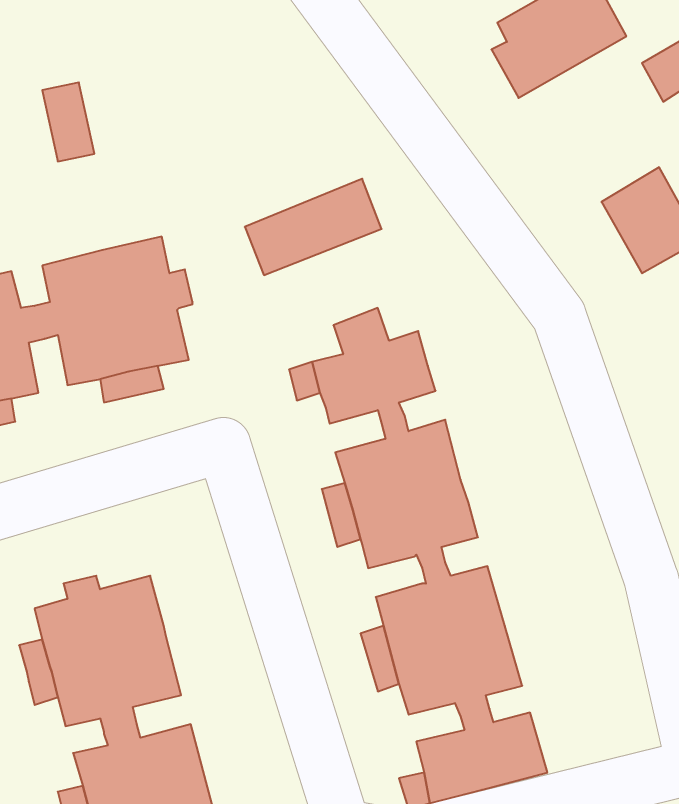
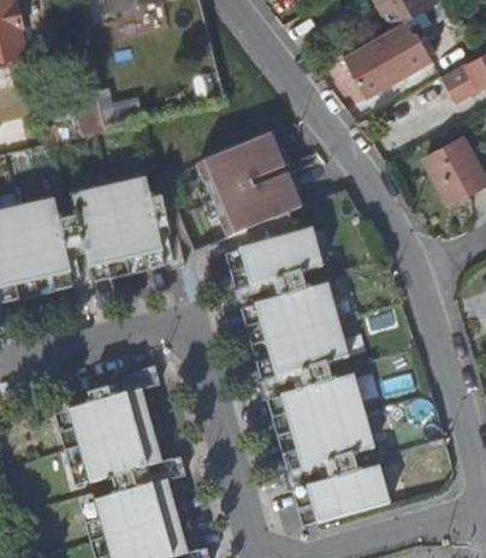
building: none -> [213,170,303,241]

